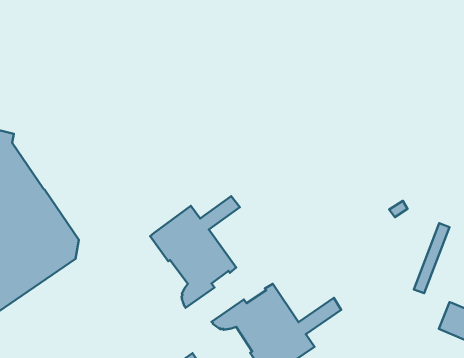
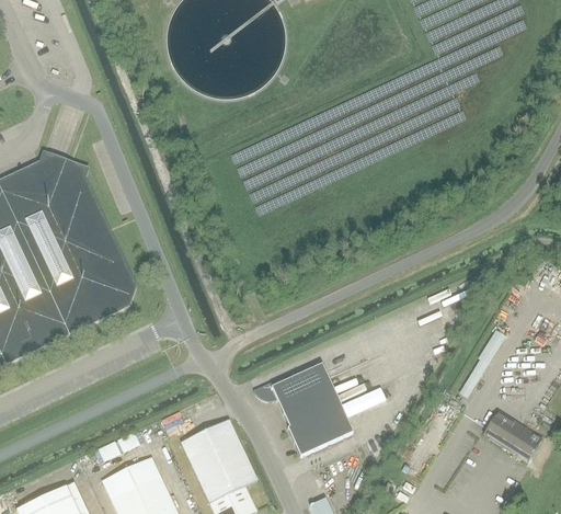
building: [150,196,240,308] -> none

